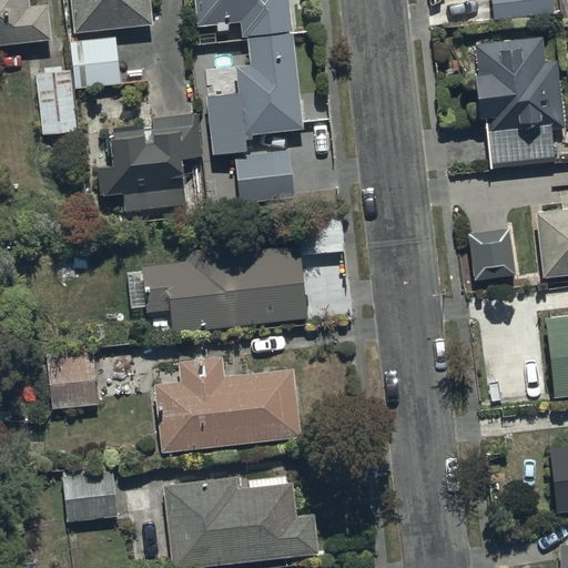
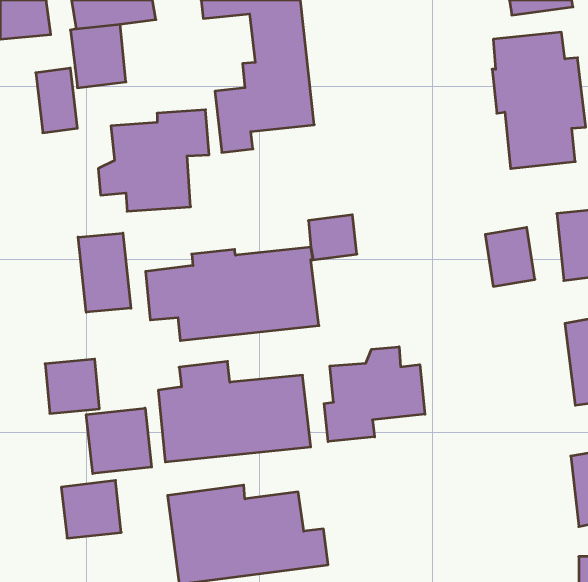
building: [234,152,294,196] -> none
building: none -> [78,233,131,312]
building: none -> [324,347,425,442]
building: none -> [86,408,152,474]

